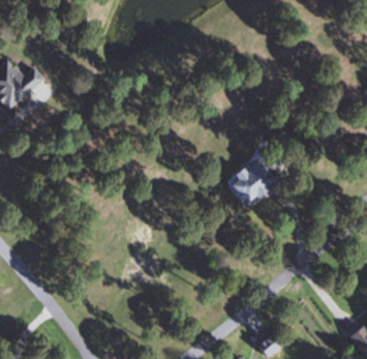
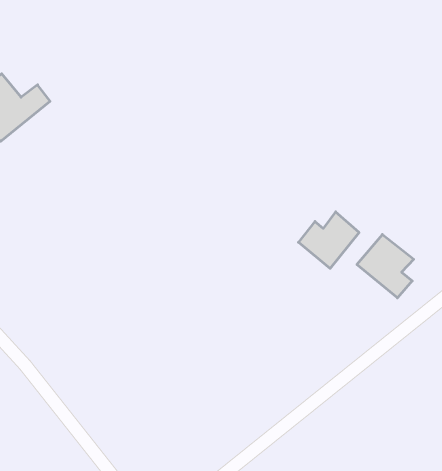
building: none -> [357,234,414,298]

